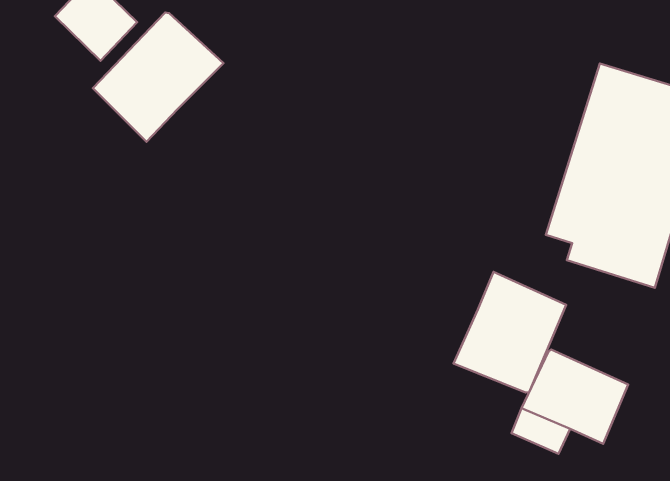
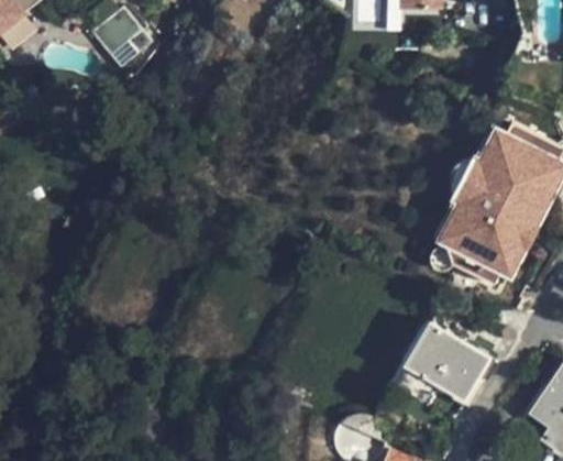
building: [93,13,223,142] -> none
building: [453,272,566,393] -> none

